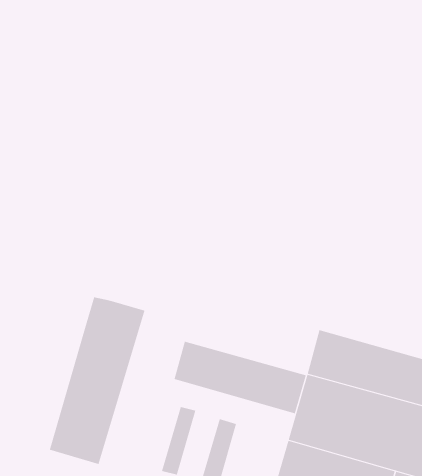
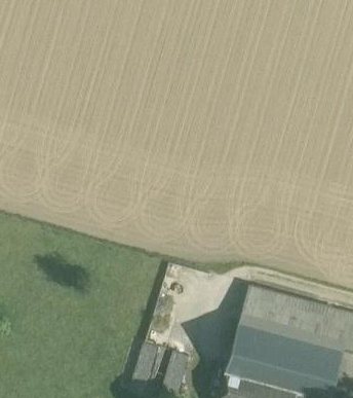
building: [49,296,145,465] -> none
building: [174,341,307,414] -> none

